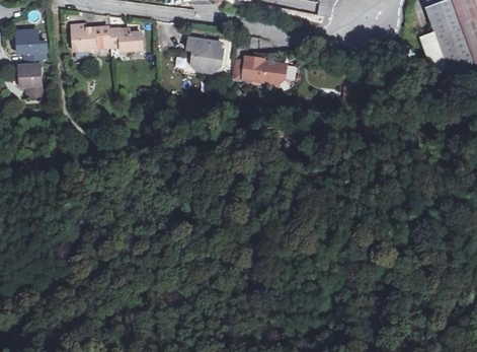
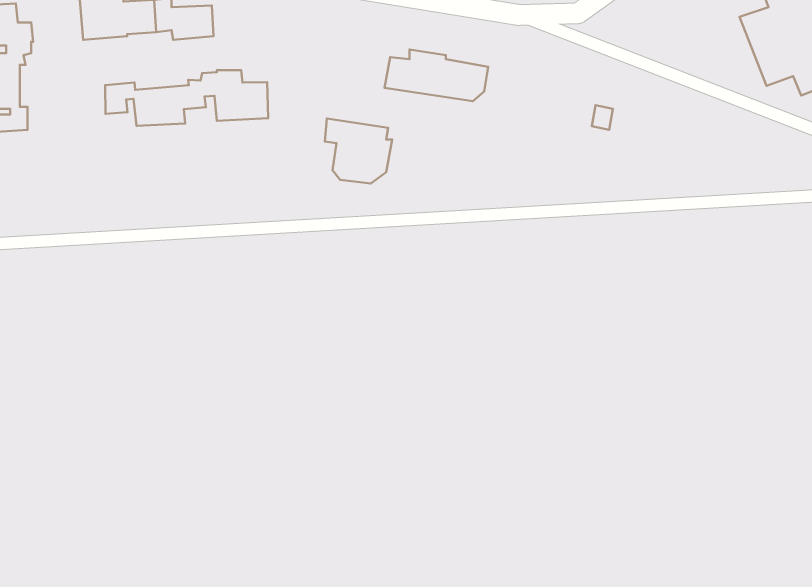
building: [186,36,222,70] -> [325,118,392,184]
building: none -> [105,70,268,126]

